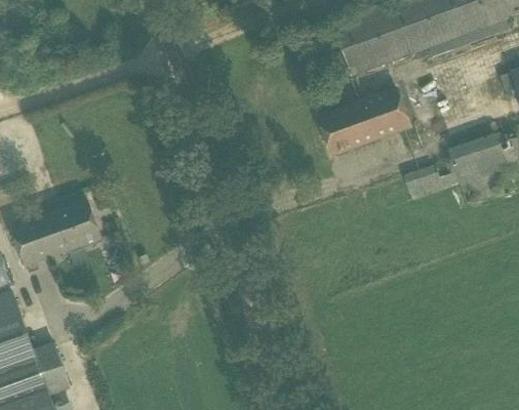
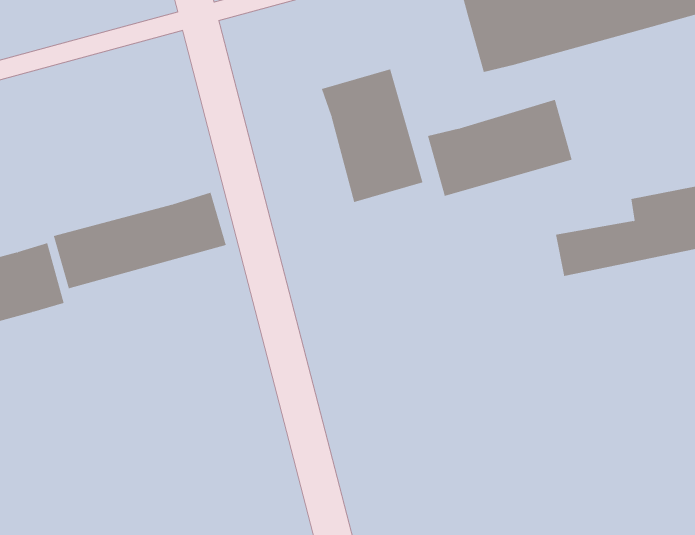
building: none -> [321,68,423,203]
building: none -> [53,192,226,289]

